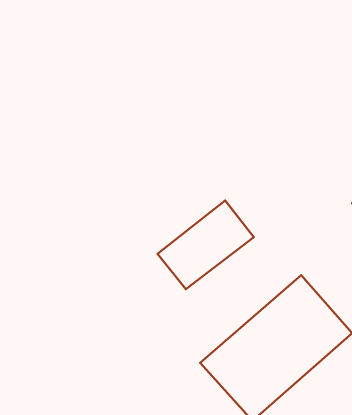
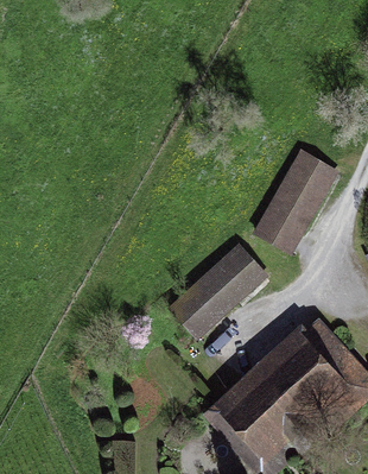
building: none -> [254,153,336,253]

